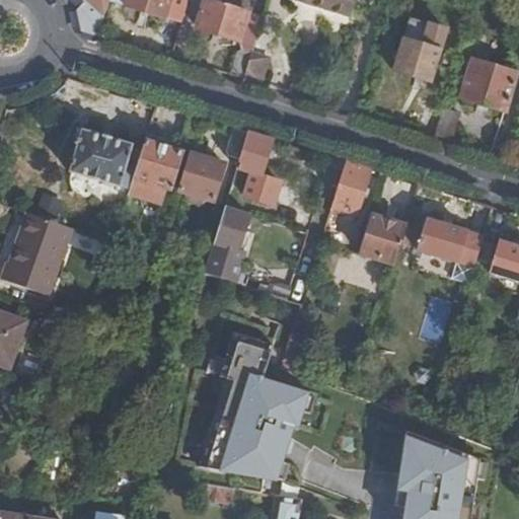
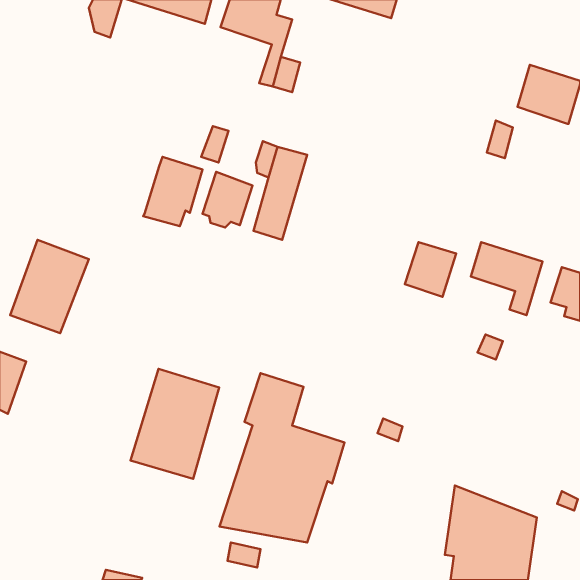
building: [394,18,446,81] -> none
building: [70,131,142,191] -> none
building: [332,160,369,212] -> none
building: [208,206,251,282] -> none
building: none -> [130,369,219,479]

